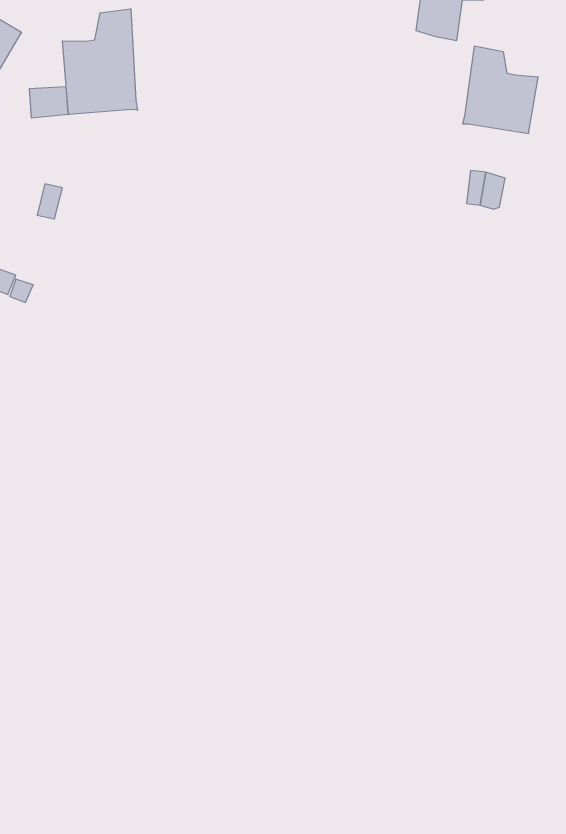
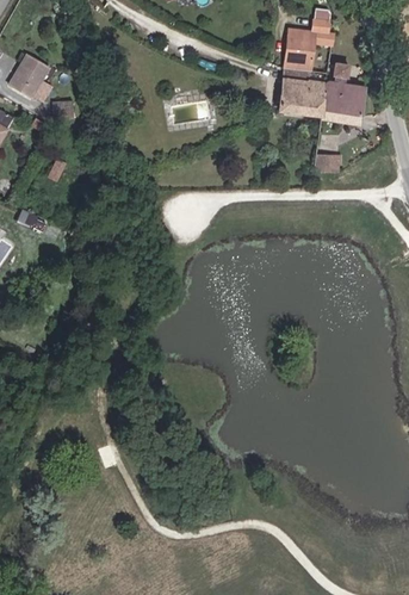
building: [62,9,137,115] -> none
building: none -> [284,64,326,117]

